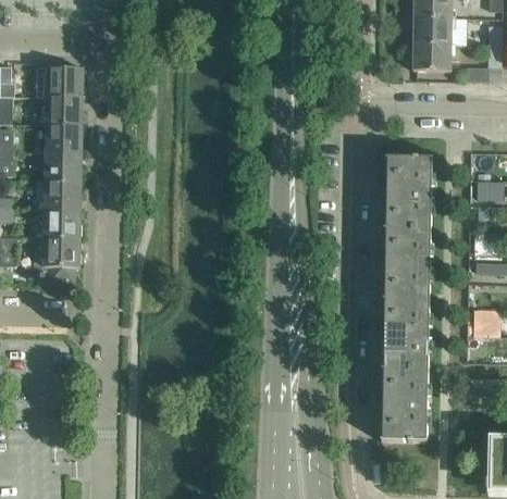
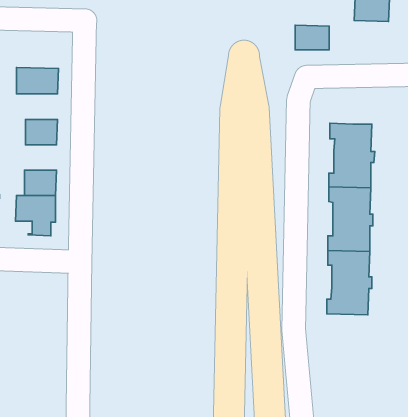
building: [411,43,449,71] -> [295,25,329,50]
building: [35,67,82,97] -> none
building: [45,125,81,153] -> none
building: [35,182,79,210] -> none
building: [379,370,430,441] -> none

